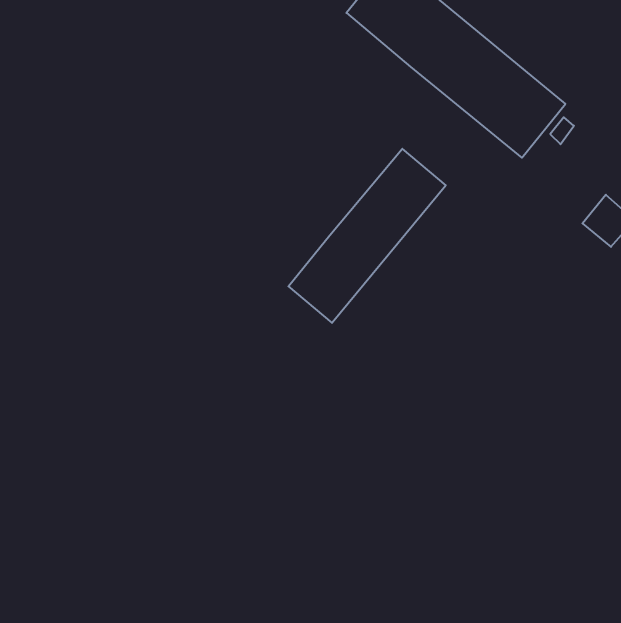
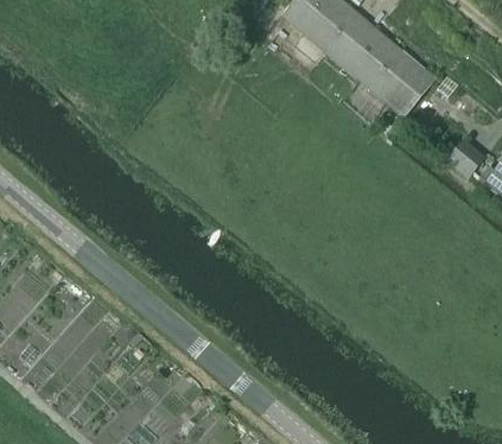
building: [288,149,446,323] -> none

